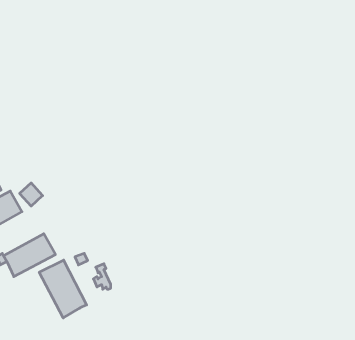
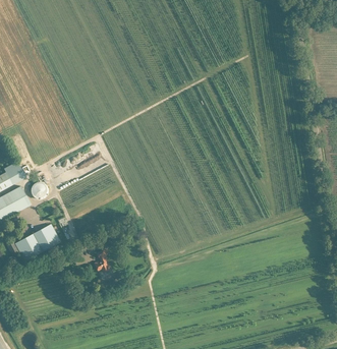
building: [39,260,87,318] -> none

